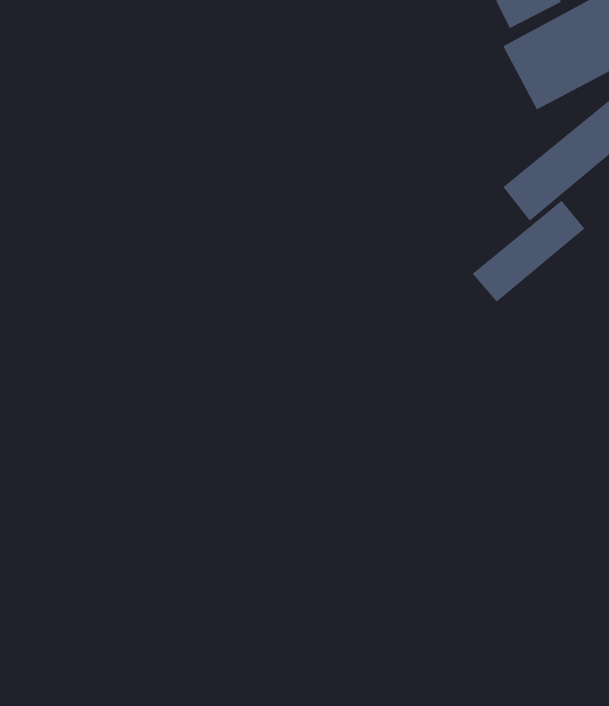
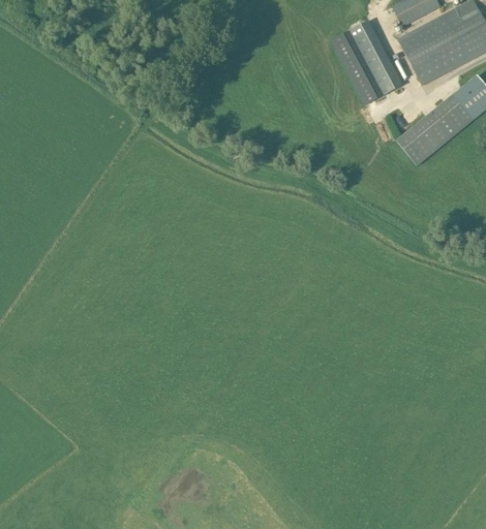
building: none -> [330,21,402,104]
building: [472,200,585,303] -> none

